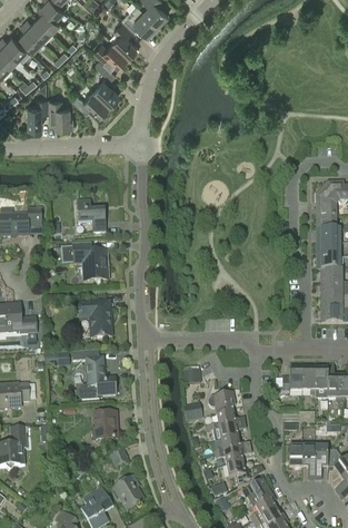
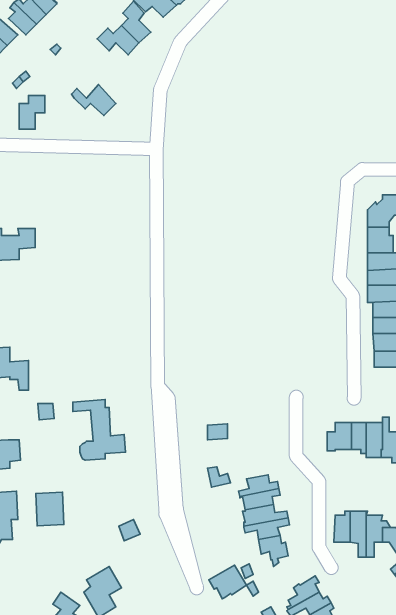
building: [93,58,119,104] -> none
building: [49,99,72,125] -> none
building: [77,198,106,231] -> none
building: [61,243,109,278] -> none
building: [79,299,112,335] -> none
building: [208,391,235,414] -> none
building: [95,410,118,438] -> [36,492,64,526]
building: [112,476,143,509] -> none
building: [241,478,272,506] -> [209,565,246,599]

